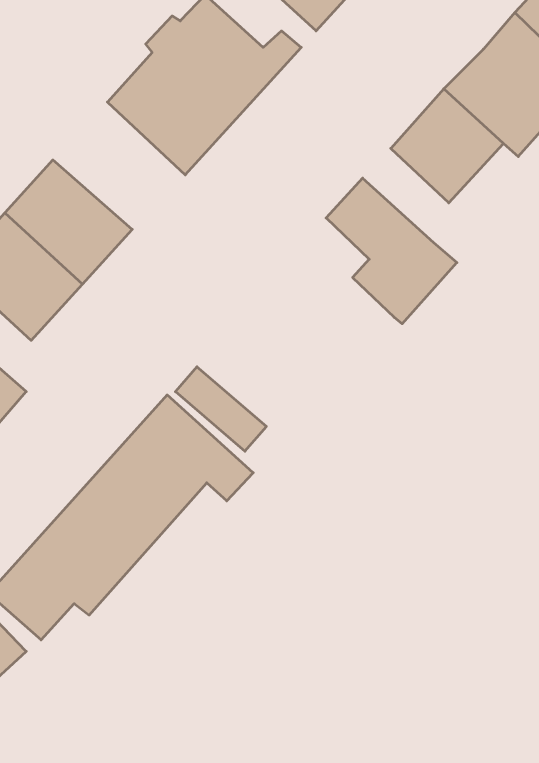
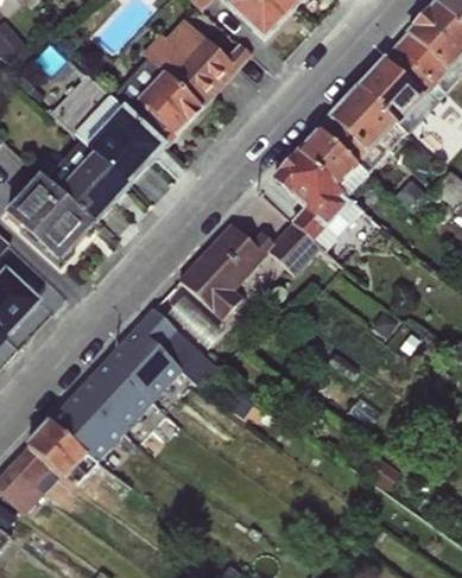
building: none -> [50,72,170,185]
building: none -> [297,127,367,195]
building: none -> [178,220,319,317]

